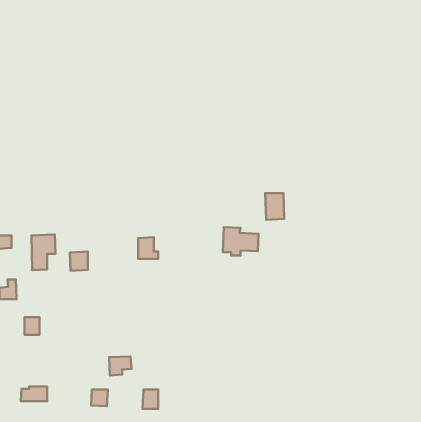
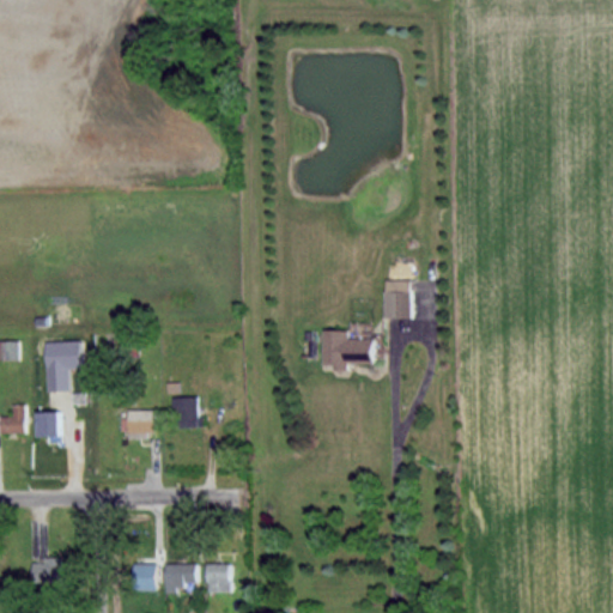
building: [138,237,158,259] -> [174,397,202,429]
building: [70,252,88,271] -> [127,411,153,438]
building: [25,317,40,335] -> [37,413,59,438]
building: [109,356,131,375] -> [164,564,196,591]

